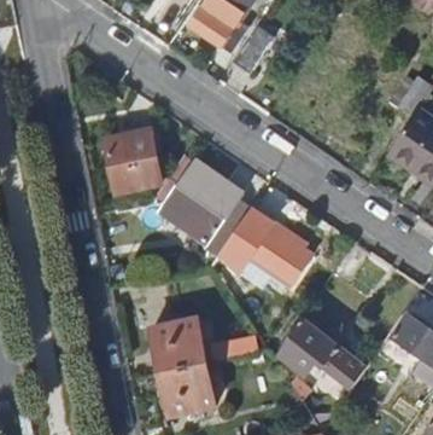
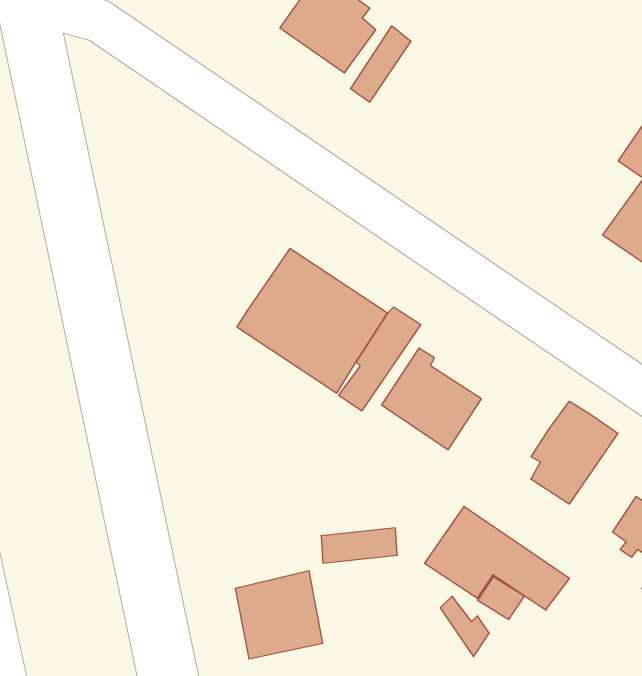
building: [105,130,160,192] -> none
building: none -> [531,401,618,504]
building: [151,318,206,372] -> none

